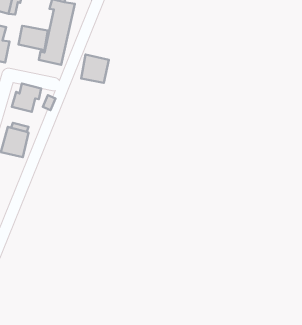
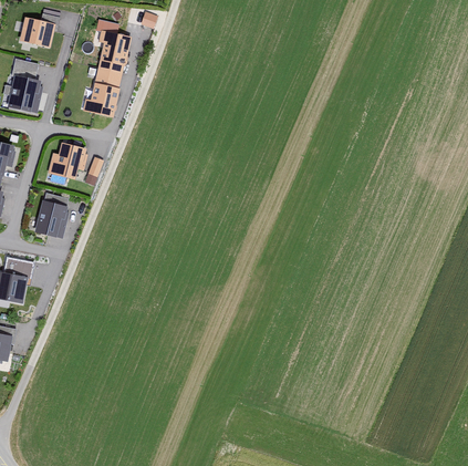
building: [18,26,48,50] -> none
building: [81,55,109,83] -> none

